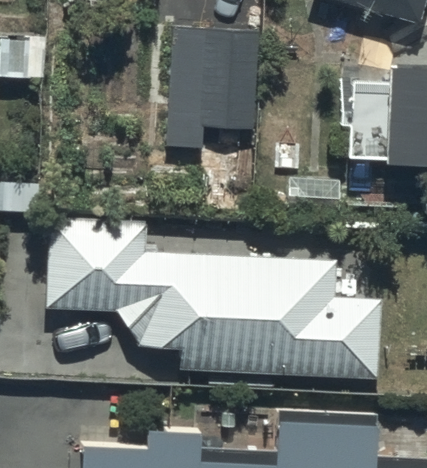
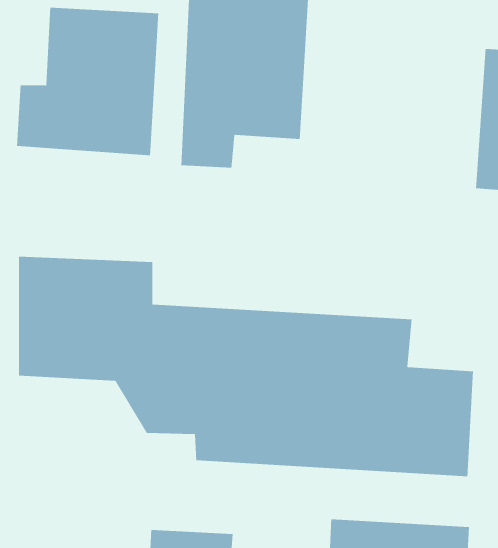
building: none -> [16,7,159,156]

